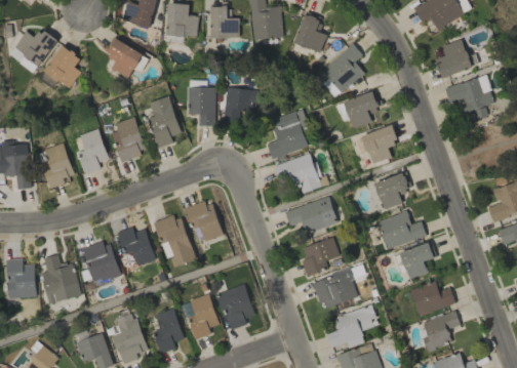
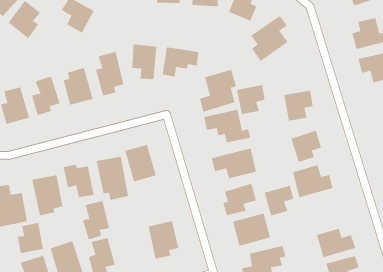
building: [344,91,377,127] -> [236,84,265,115]
building: [399,242,434,279] -> [264,185,294,216]
building: [187,293,218,339] -> [82,201,110,240]
building: none -> [17,222,43,254]

